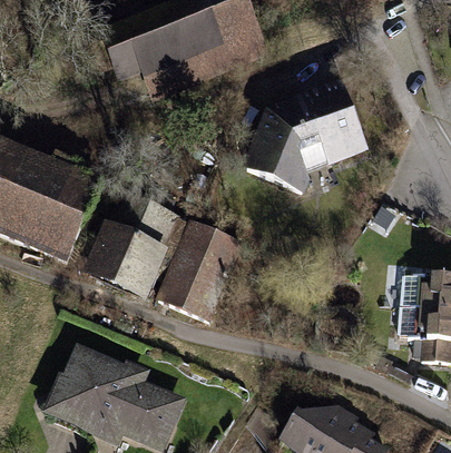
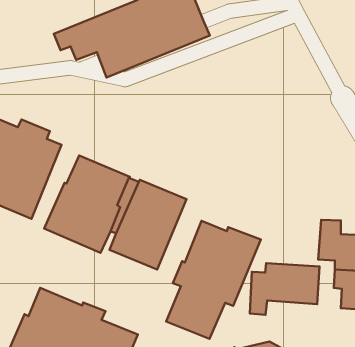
building: [243,78,370,191] -> none
building: none -> [166,221,261,339]
building: none -> [250,263,320,315]

